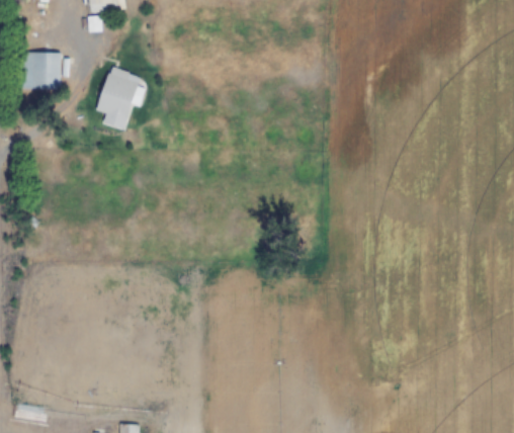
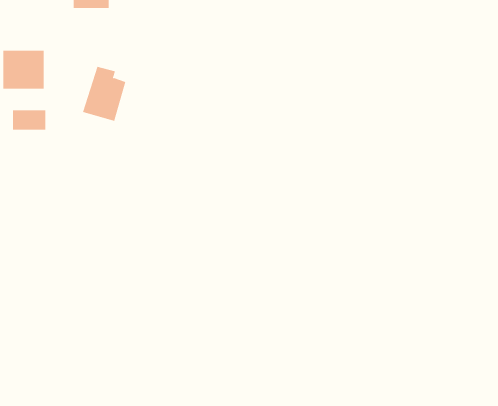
building: none -> [12,110,46,131]

